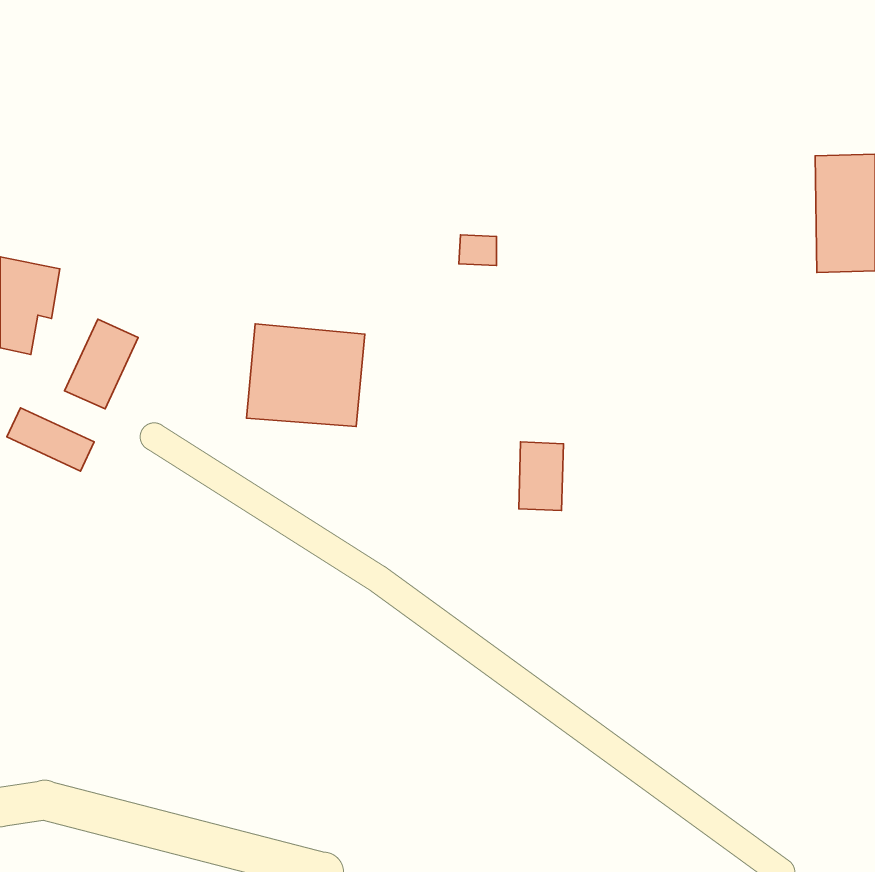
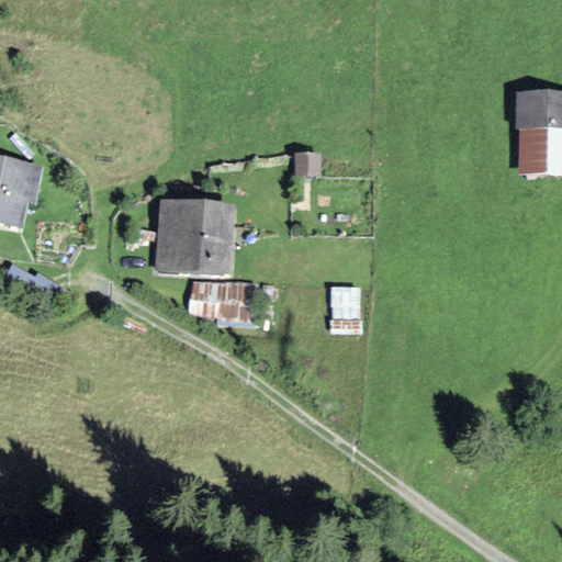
building: [65,319,138,409] -> none
building: none -> [190,276,248,315]

